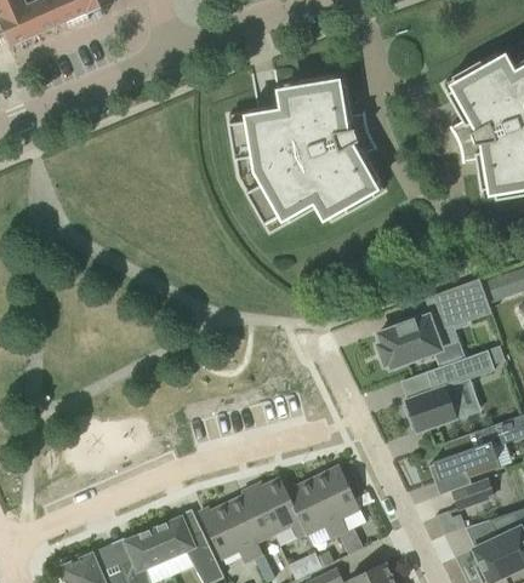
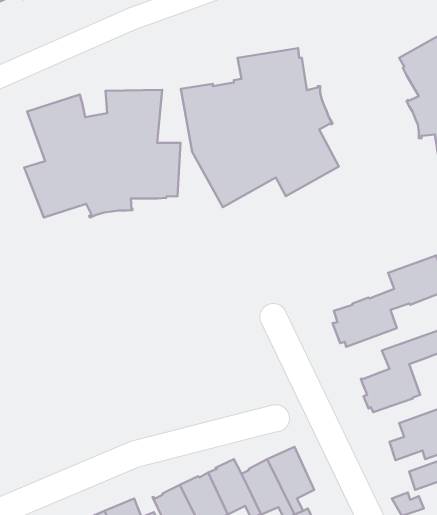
building: none -> [24,90,180,218]

